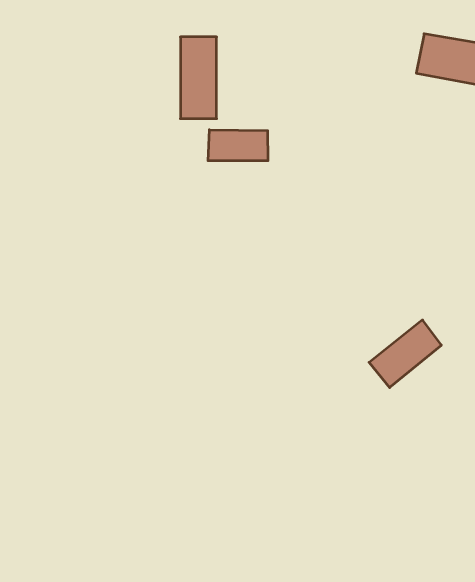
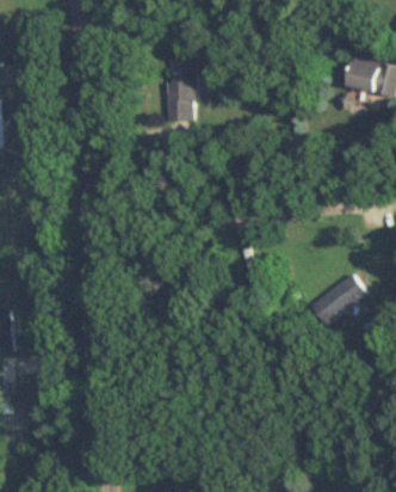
building: [208,130,268,161] -> none

